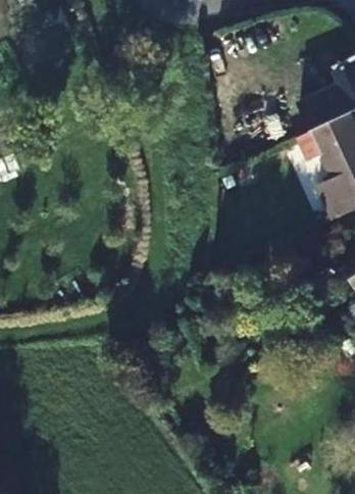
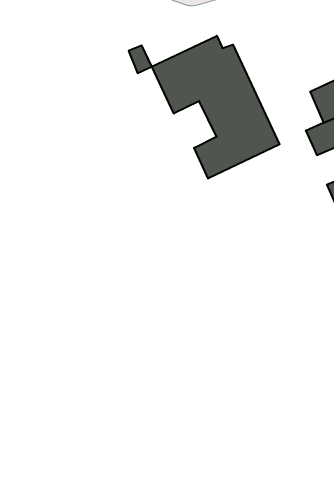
building: none -> [152,36,280,179]

